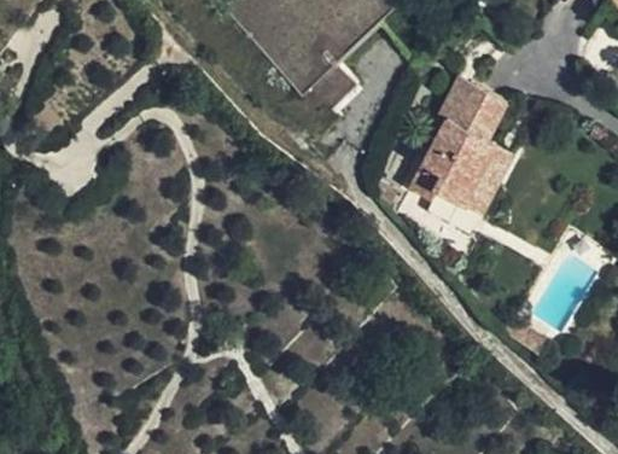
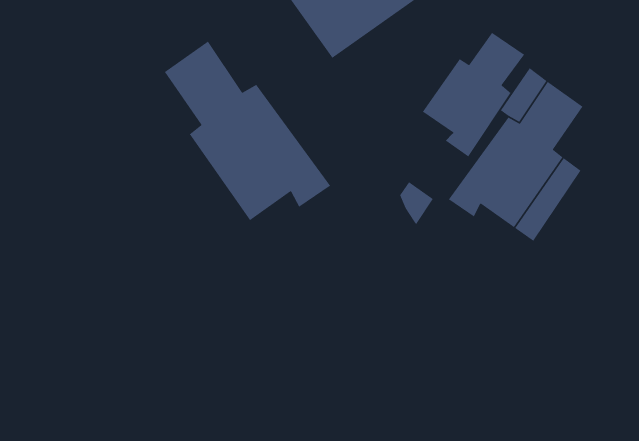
building: none -> [422,32,525,158]
building: none -> [164,40,331,221]

